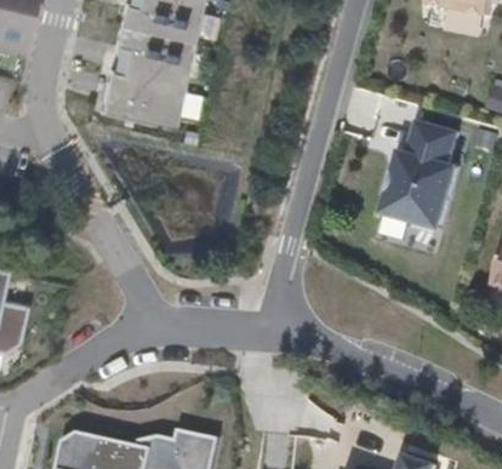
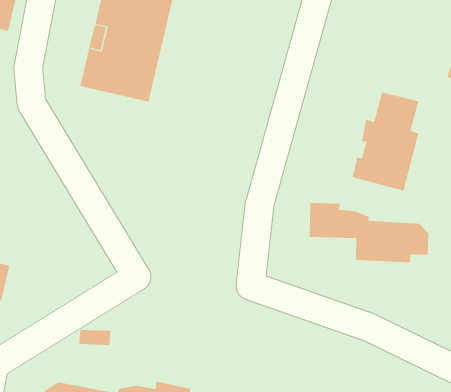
building: none -> [309,202,429,263]

